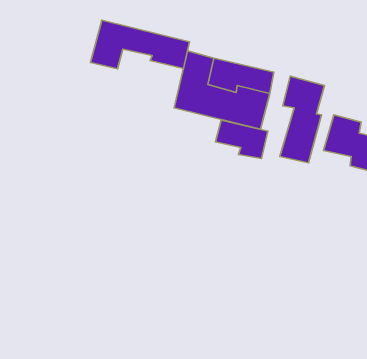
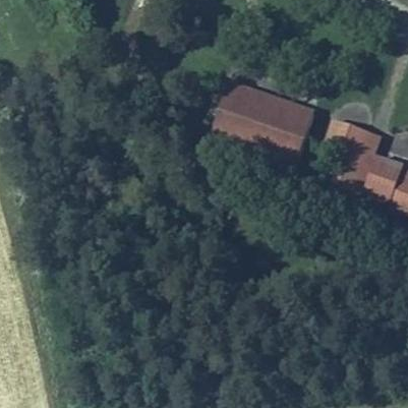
building: [91,20,190,69] -> none
building: [215,120,268,158] -> none

